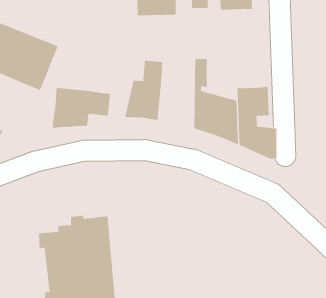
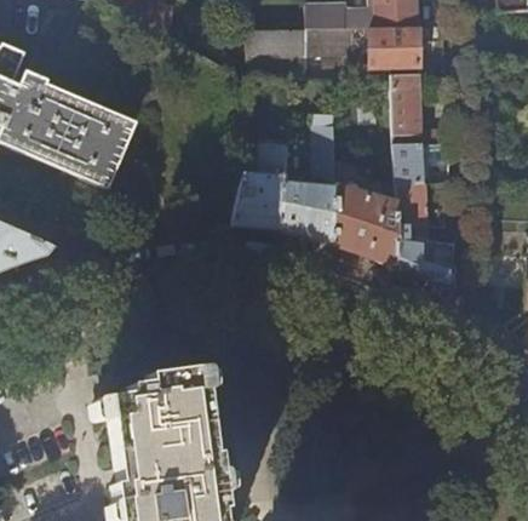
building: none -> [390,71,449,183]
building: none -> [280,125,333,242]
building: [52,87,110,129] -> none

